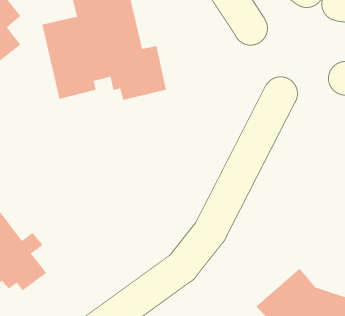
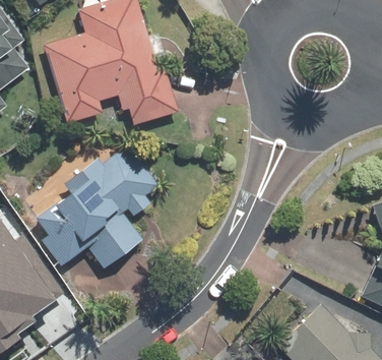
building: none -> [34,148,153,268]

